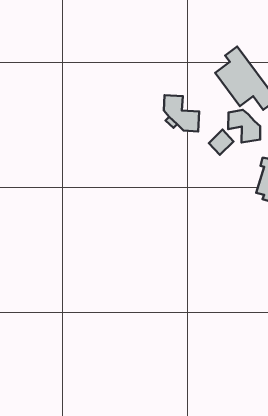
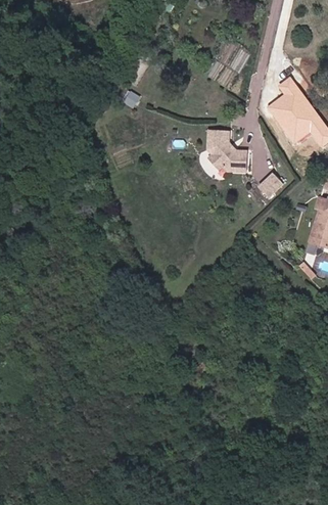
building: [228,110,260,142] -> none

